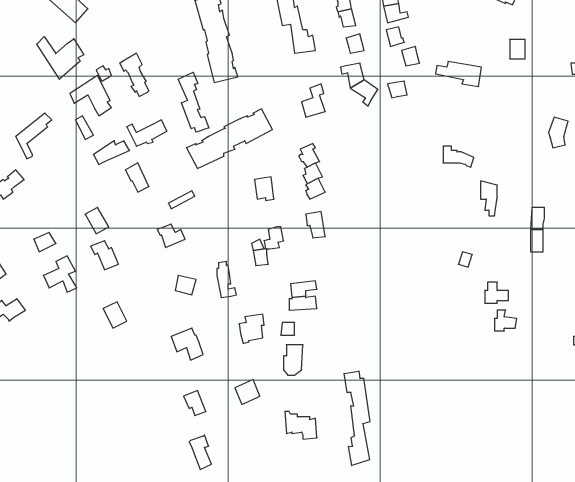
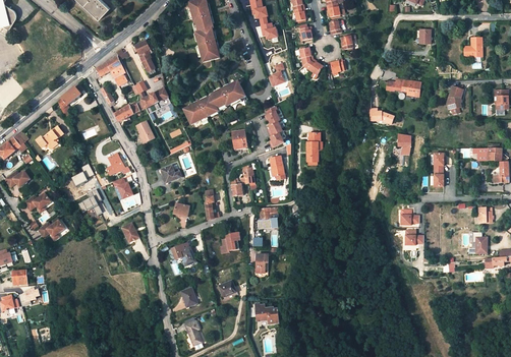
building: [37,37,84,79] -> none
building: [436,61,481,86] -> [387,78,420,97]
building: [178,72,209,132] -> none
building: none -> [306,132,323,162]
building: [344,371,370,466] -> none

